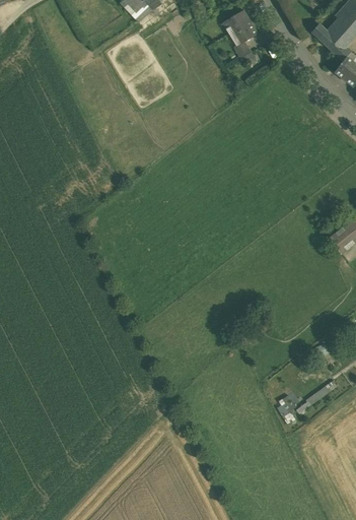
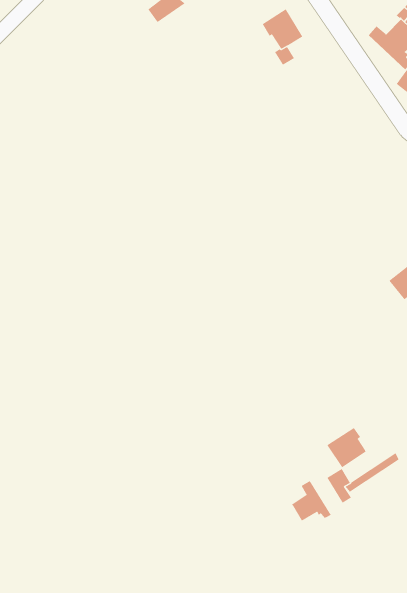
building: none -> [326,427,366,468]
building: none -> [291,480,332,522]

